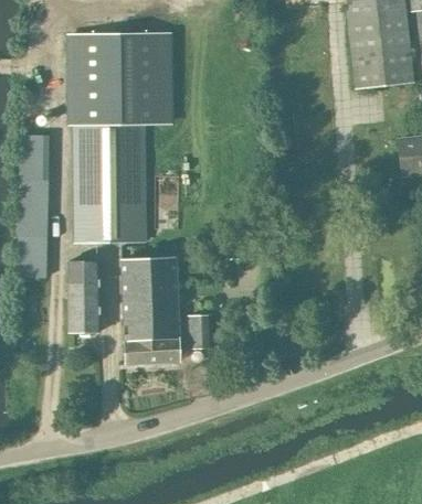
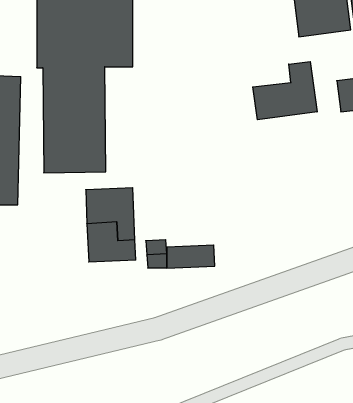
building: none -> [253,62,317,120]
building: [68,261,99,331] -> none
building: [125,337,178,363] -> [167,245,215,268]

